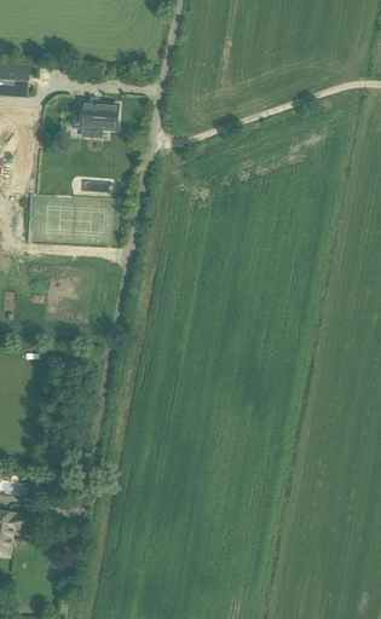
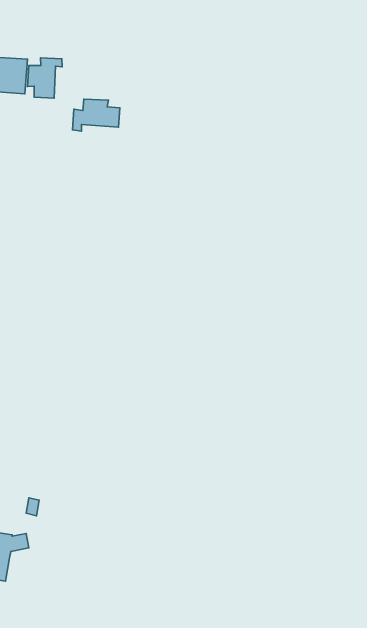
building: none -> [27,58,62,98]

